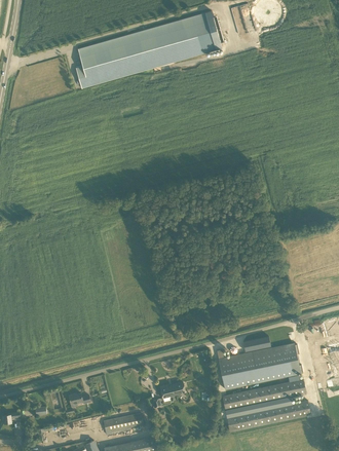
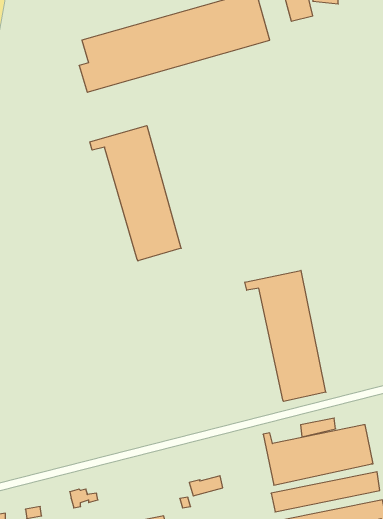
building: none -> [90,126,181,261]
building: none -> [245,270,326,401]

